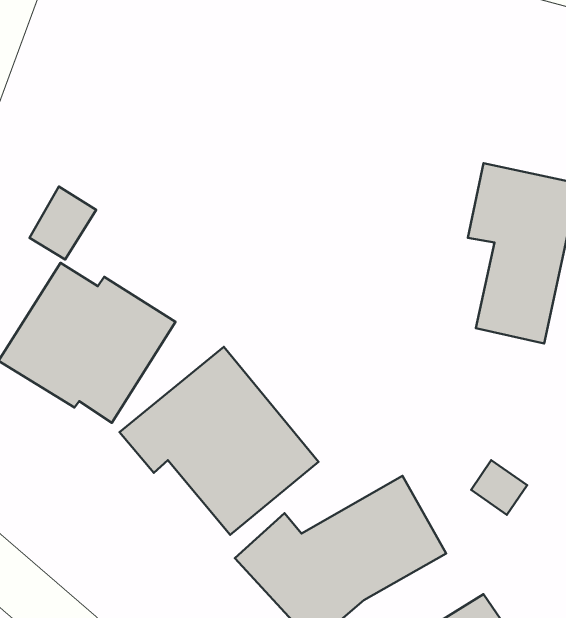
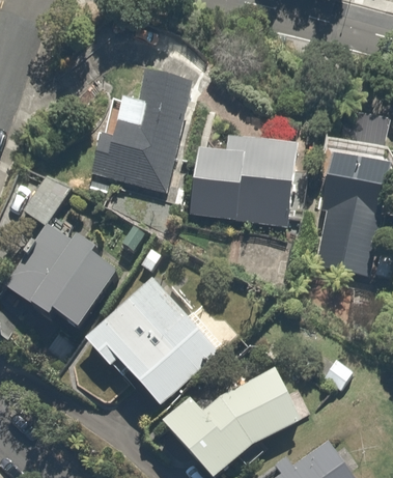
building: none -> [93,72,194,192]
building: none -> [189,137,296,219]

